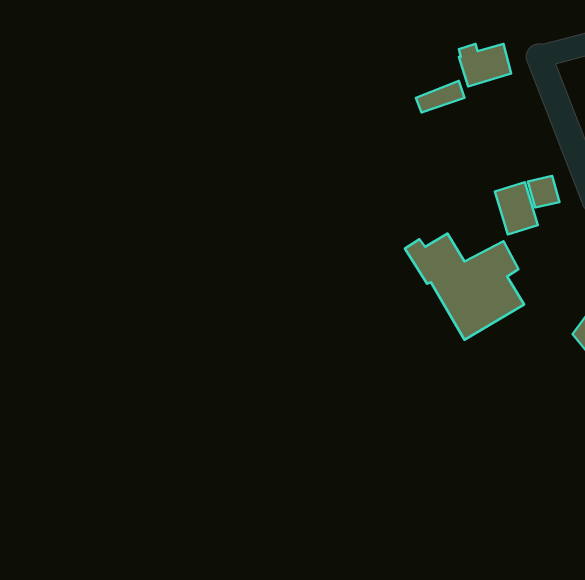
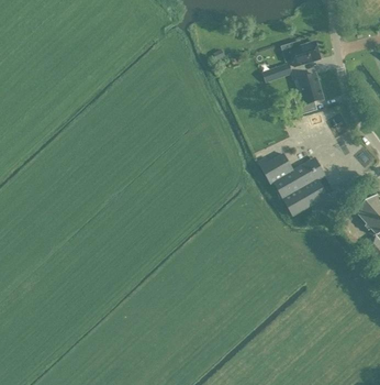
building: [495,182,538,234] -> [298,73,323,103]

